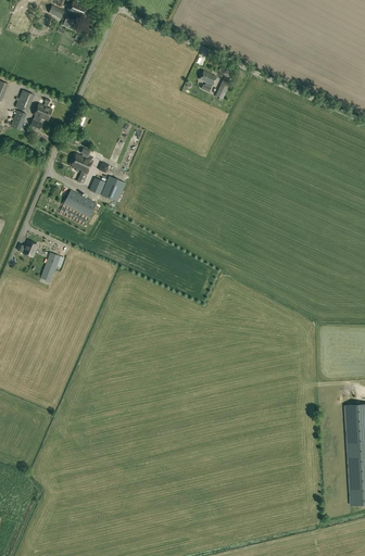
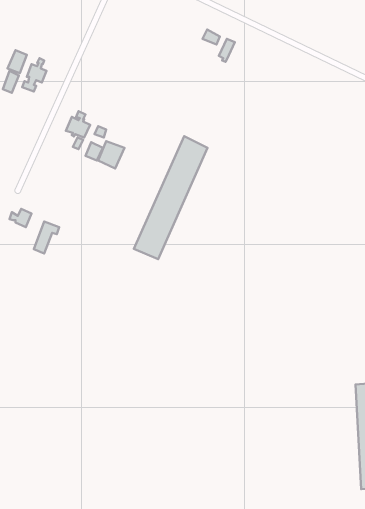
building: none -> [134,136,208,259]
building: [63,190,97,218] -> none

